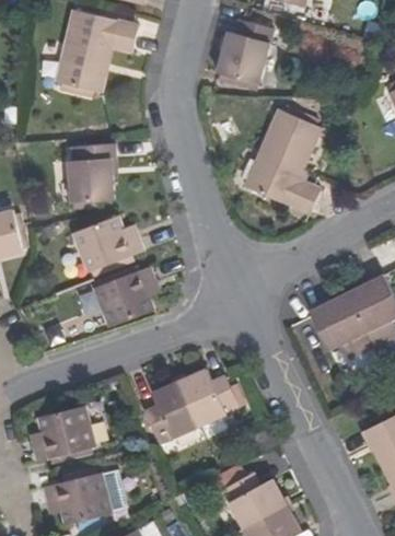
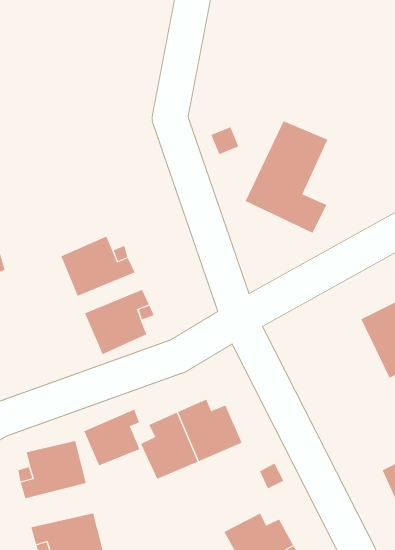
building: [56,8,138,91] -> none
building: [216,15,272,78] -> none
building: [65,143,112,202] -> none
building: [312,294,374,360] -> none
building: none -> [84,409,140,466]

